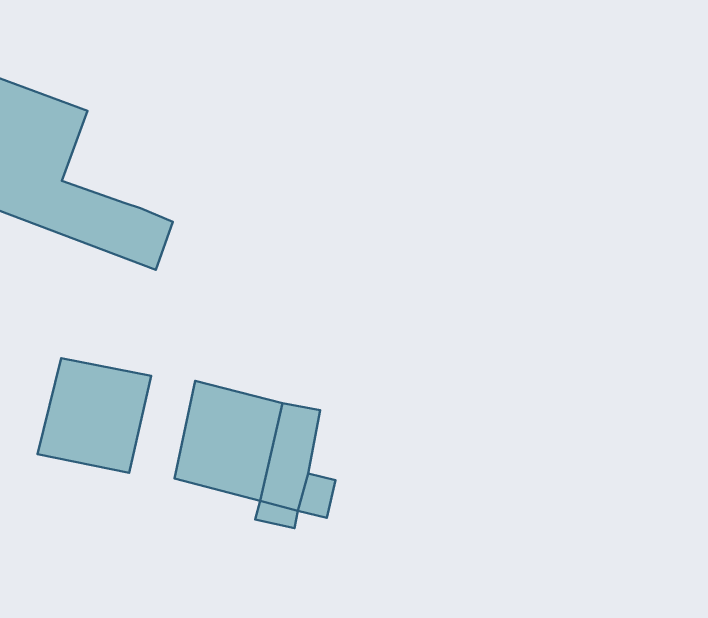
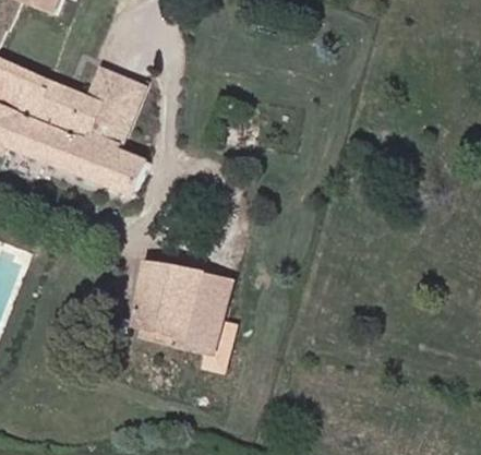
building: none -> [68,69,142,154]
building: [37,358,151,473] -> none

